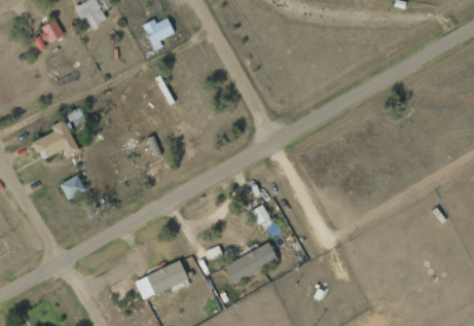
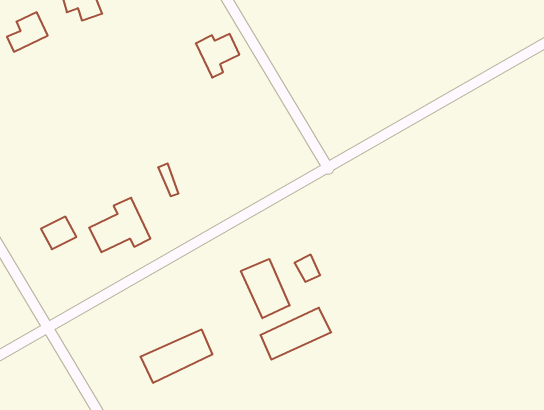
building: [142,19,175,51] -> [196,34,239,78]
building: [32,119,78,160] -> [89,198,150,252]
building: none -> [241,259,290,318]

